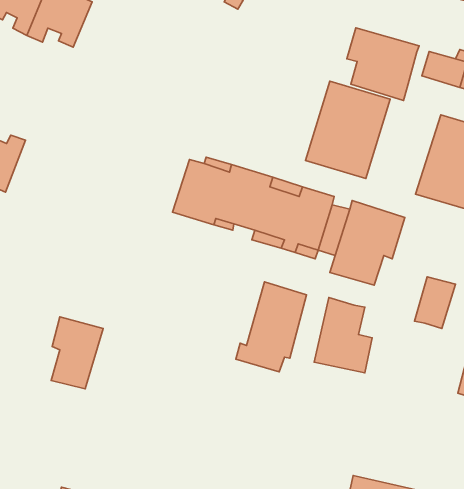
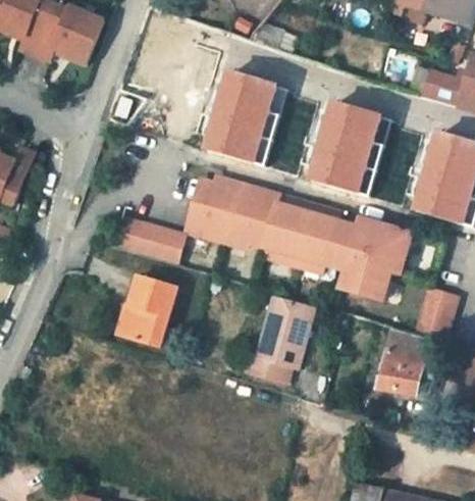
building: [347,28,419,100] -> none
building: none -> [206,69,287,163]
building: none -> [118,218,179,260]
building: [314,298,372,373] -> [376,325,432,398]
building: [51,317,103,389] -> [128,273,178,343]

